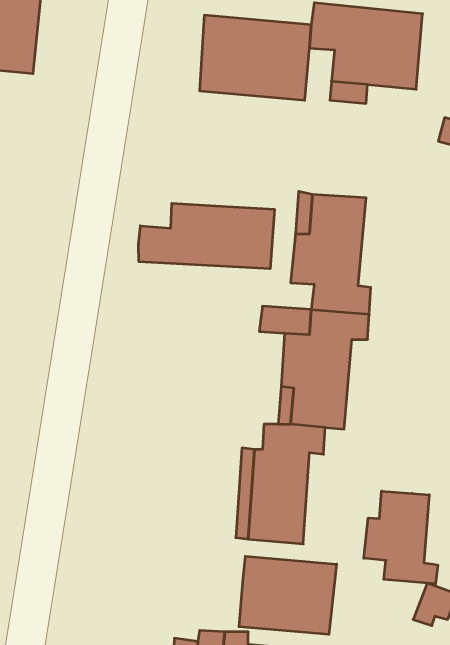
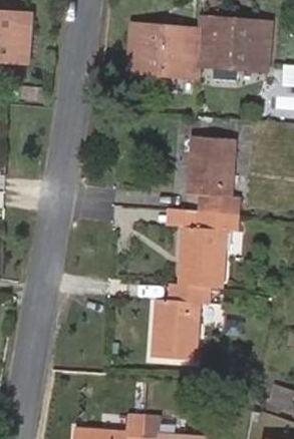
building: [139,203,274,269] -> none
building: [364,491,438,584] -> none
building: [239,556,337,634] -> none

